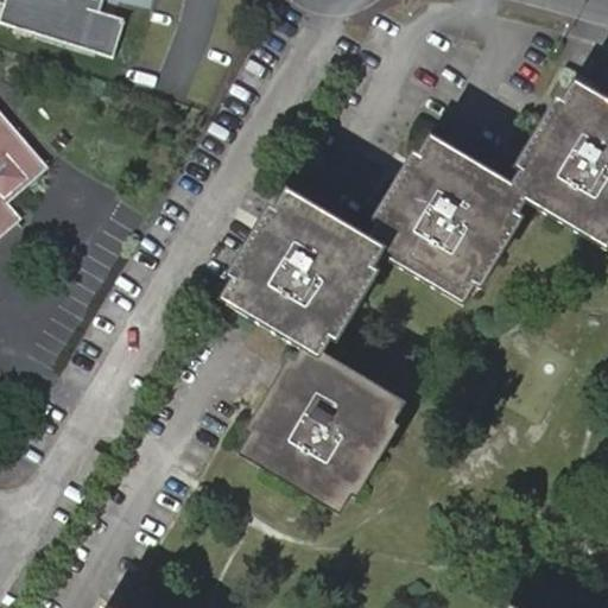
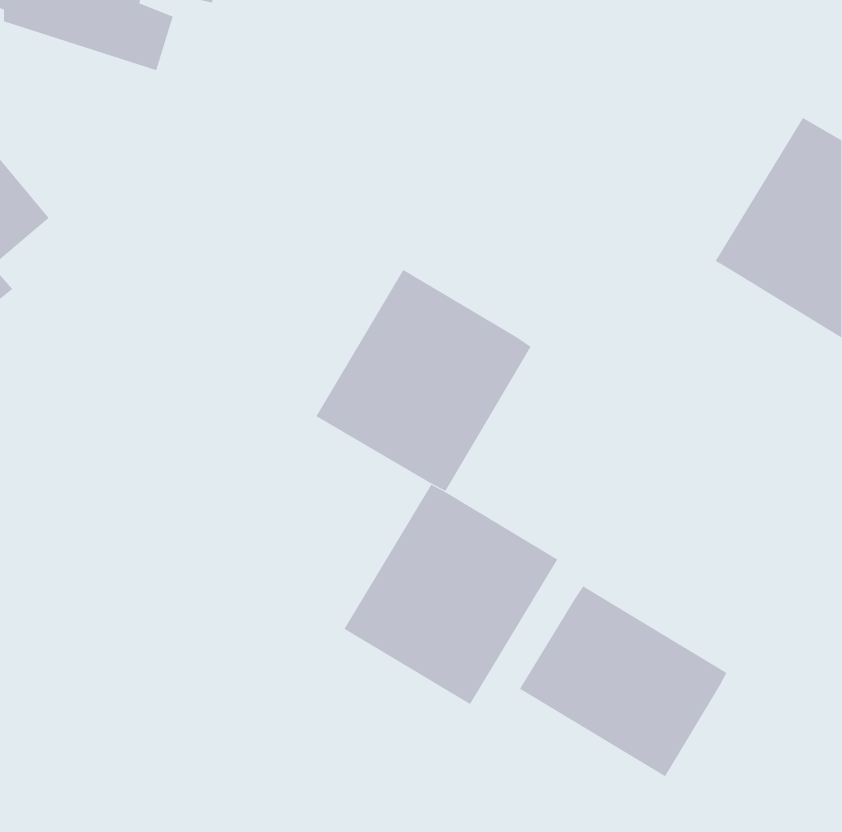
building: [372,139,526,299] -> none
building: none -> [519,585,727,777]

